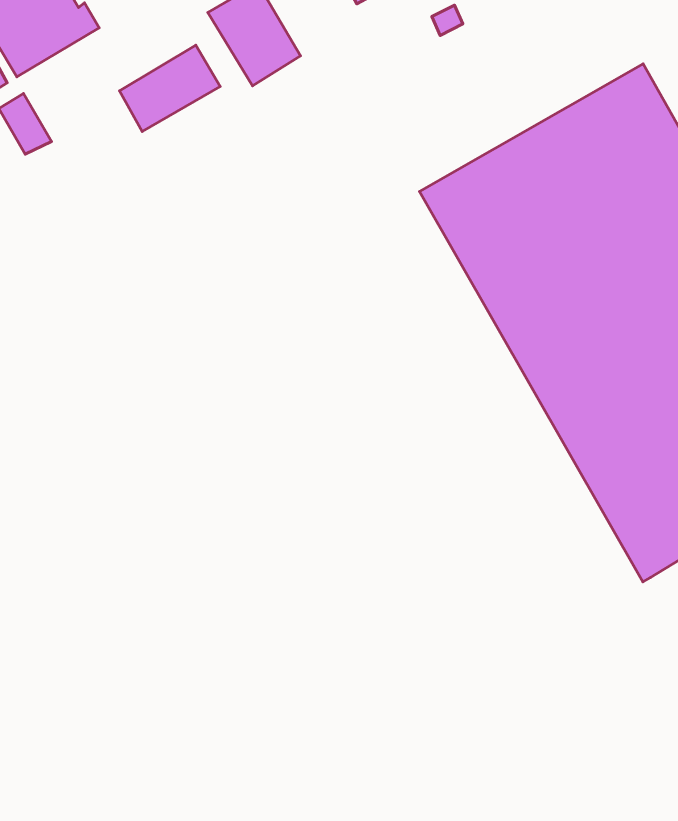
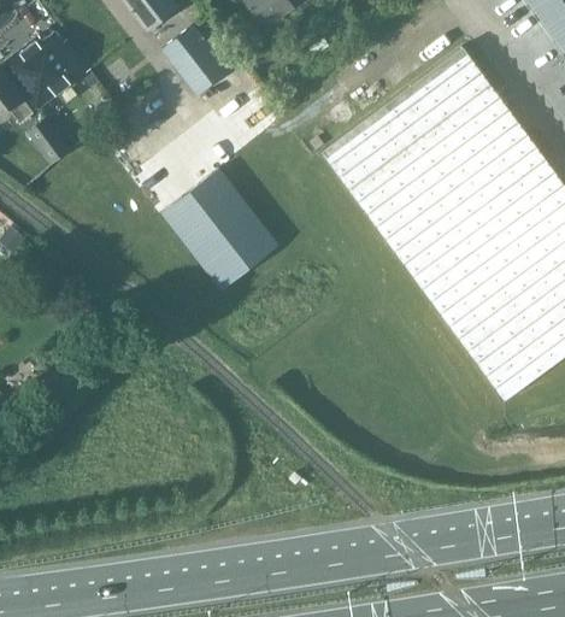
building: [119,45,220,132] -> none
building: none -> [164,168,281,290]

